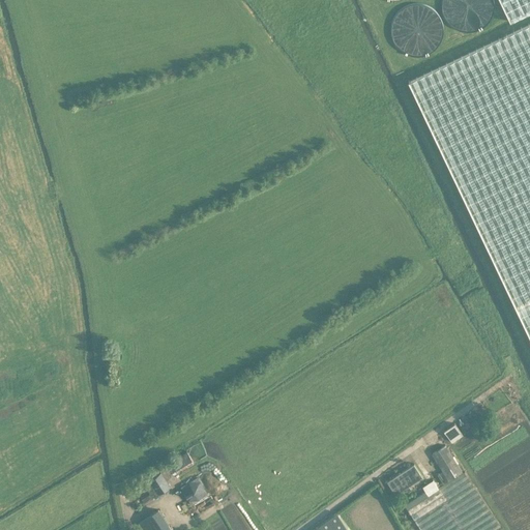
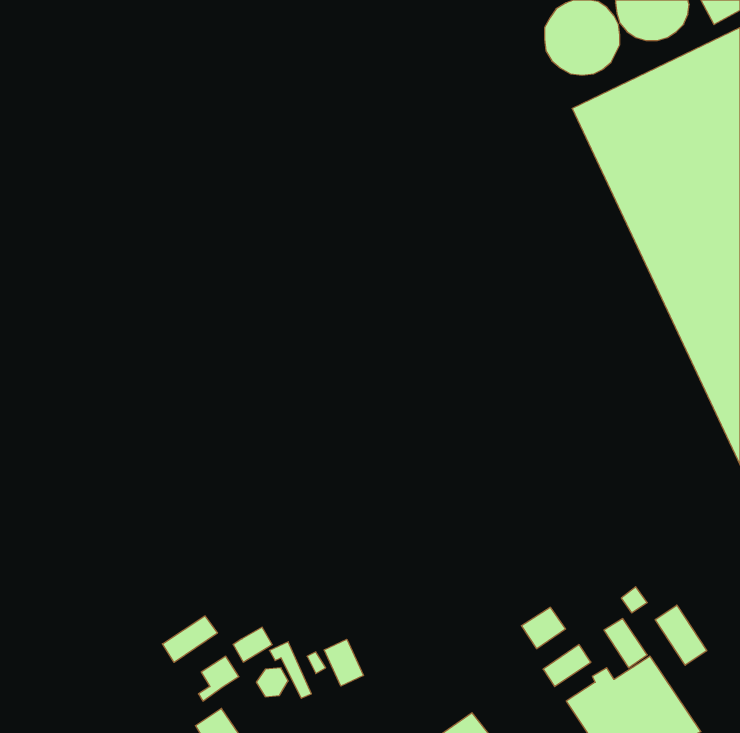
building: none -> [655,605,707,665]
building: none -> [521,607,566,649]
building: none -> [162,616,217,662]
building: none -> [324,639,363,686]

